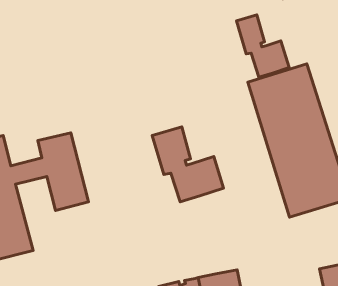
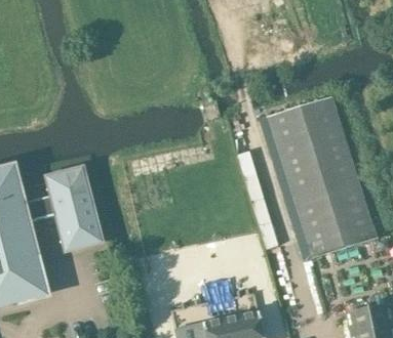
building: [236,15,289,77] -> none
building: [152,127,224,202] -> none

